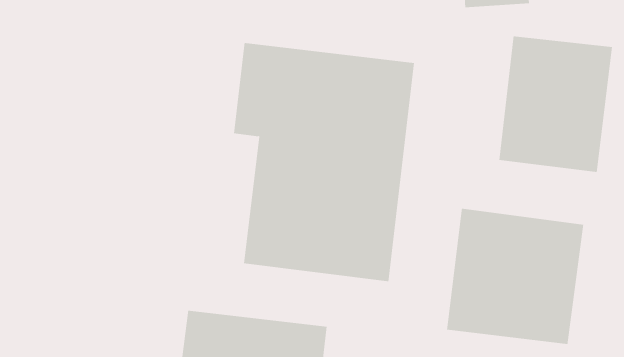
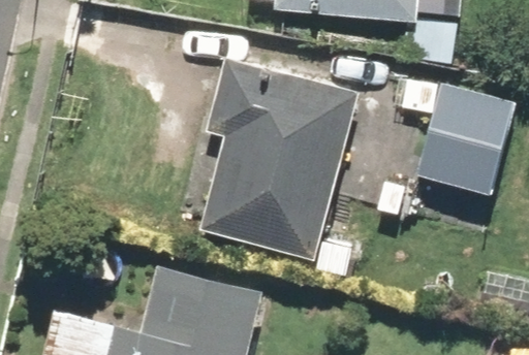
building: [447,208,584,345] -> none

